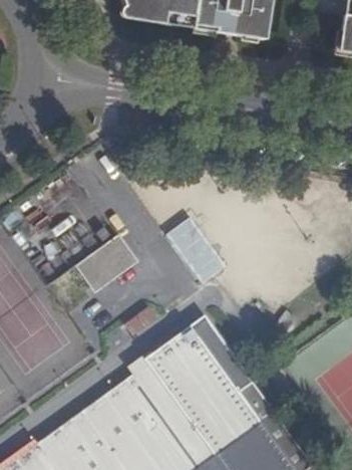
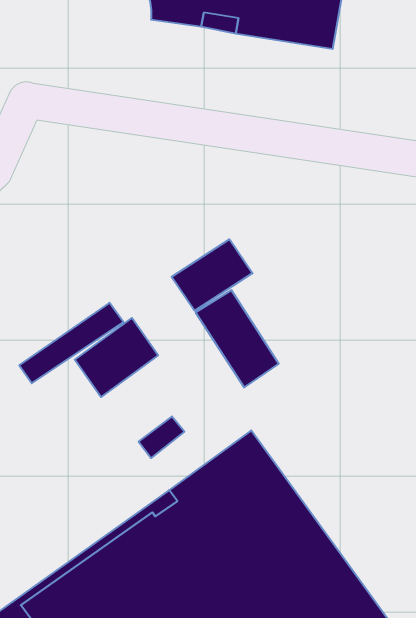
building: none -> [172,239,253,311]

